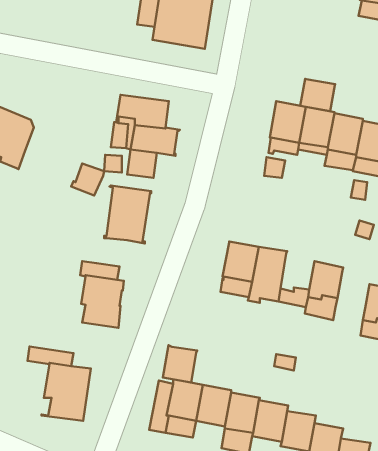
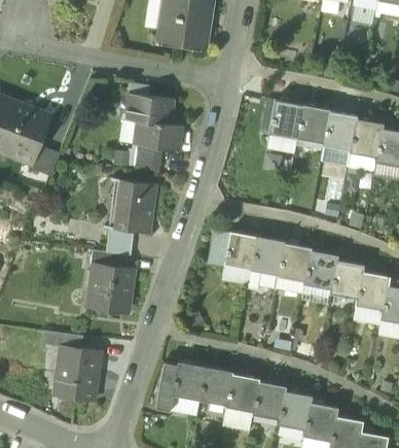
building: [300,79,335,111] -> none
building: [71,164,104,195] -> [29,145,60,175]
building: none -> [106,227,135,254]
building: none -> [208,229,230,267]
building: none -> [279,242,312,278]
building: none -> [330,260,363,296]
building: [163,345,197,383] -> none

